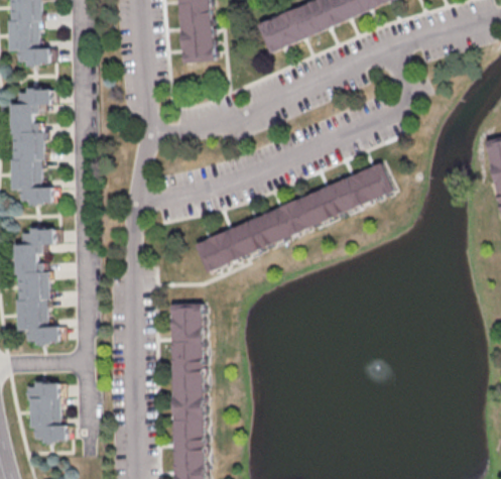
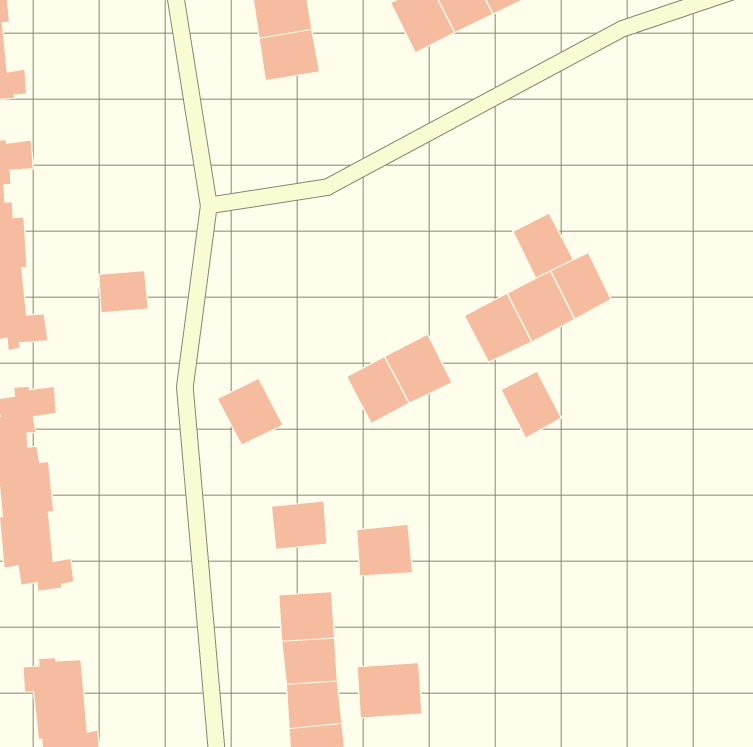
building: [360,162,393,199] -> [513,213,574,278]
building: none -> [99,271,148,313]
building: [266,203,299,240] -> [501,371,562,438]
building: [195,233,231,270] -> [217,378,283,445]
building: [172,327,203,354] -> [357,525,413,576]
building: none -> [357,662,422,718]

